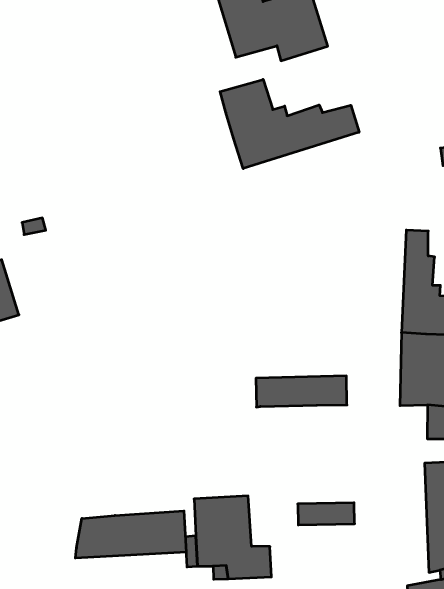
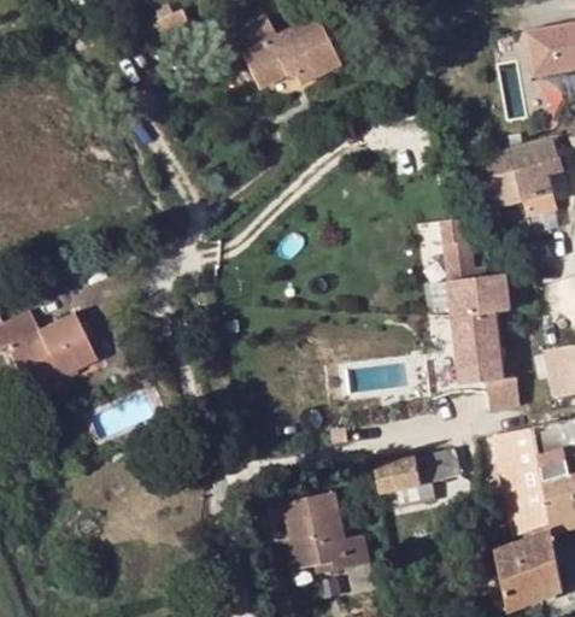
building: [220,79,359,169] -> none
building: [256,376,347,407] -> [374,451,462,493]
building: [75,511,186,558] -> none

